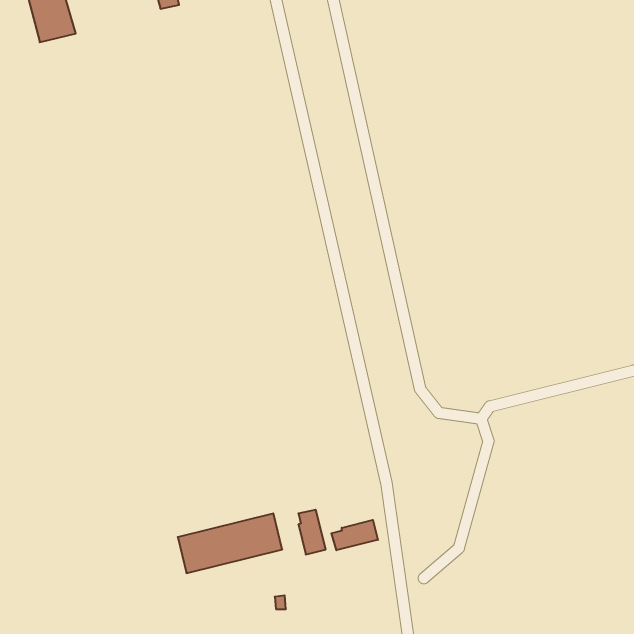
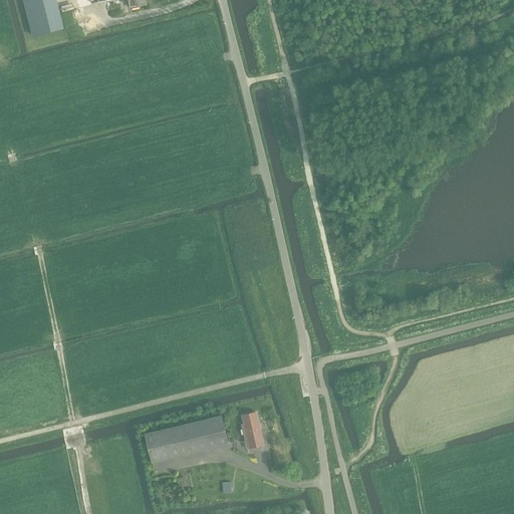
building: [331,520,378,550] -> none

